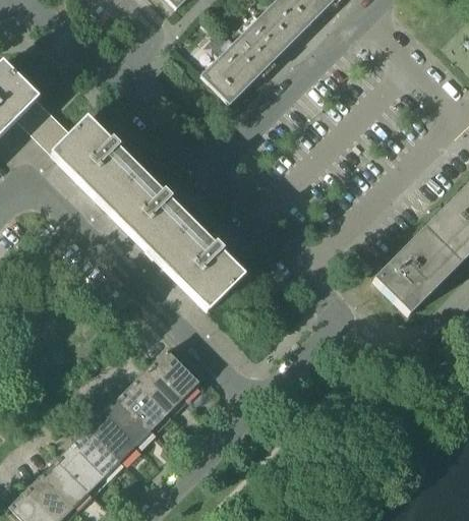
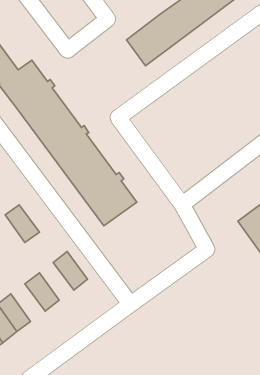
building: [137,364,183,410] -> [5,205,40,242]
building: [106,396,152,442] -> none

